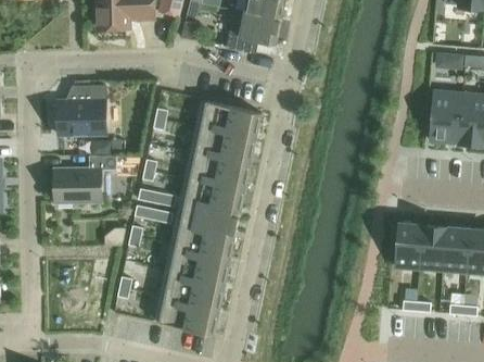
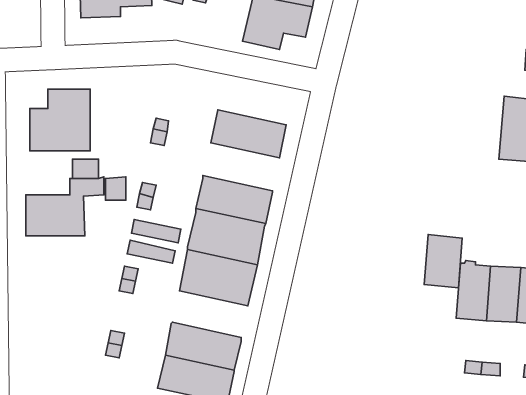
building: [194,128,255,166] -> none
building: none -> [424,235,462,288]
building: [170,246,230,283] -> none

